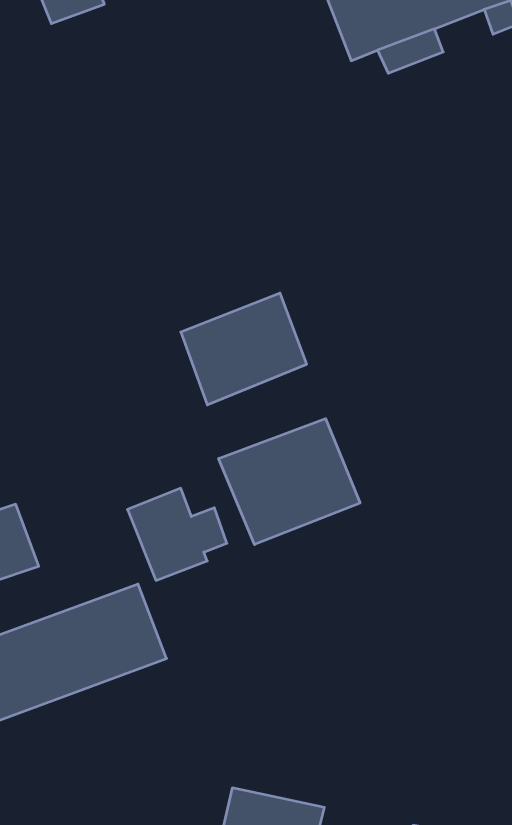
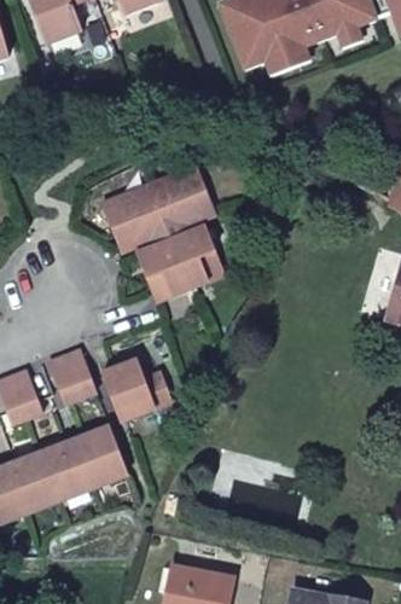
building: none -> [100,167,214,252]
building: [219,419,360,545] -> none
building: none -> [45,349,93,403]

